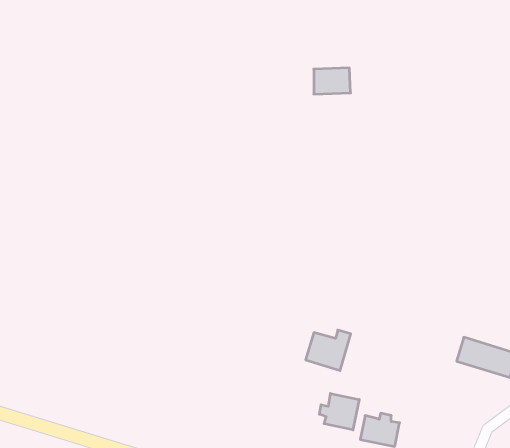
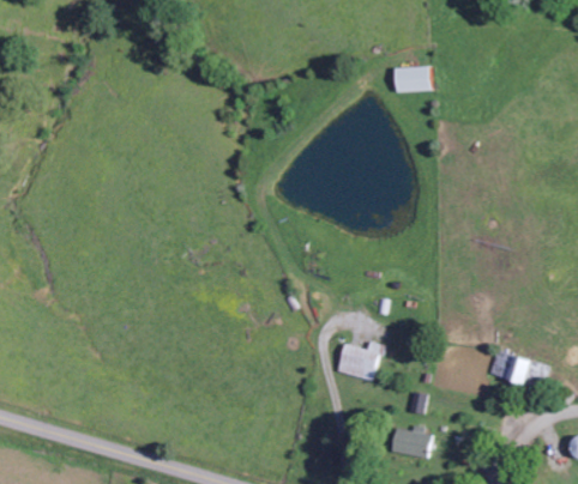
building: [314,68,351,94] -> [396,66,433,92]
building: [319,393,359,430] -> none

